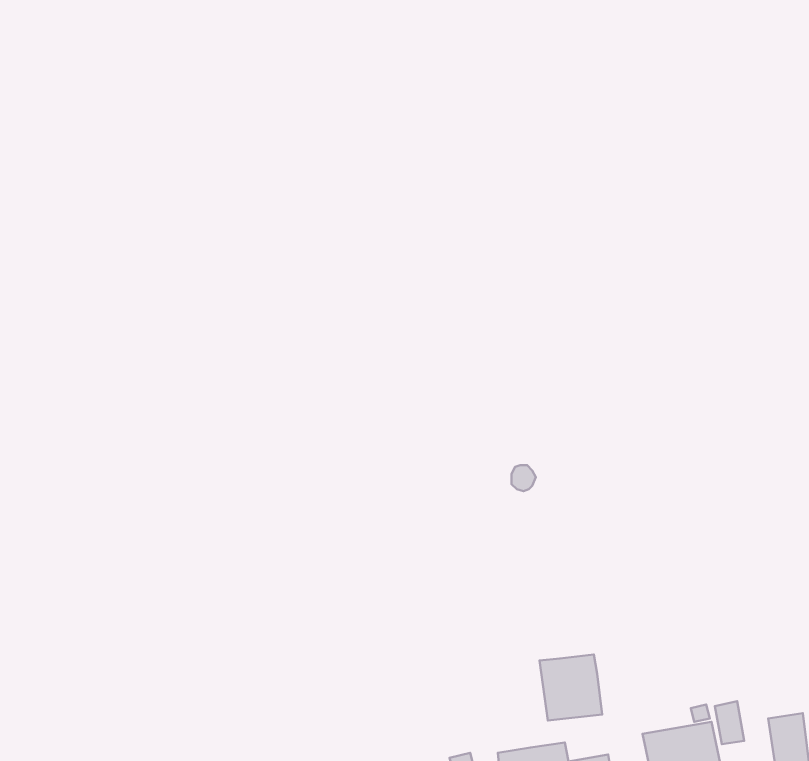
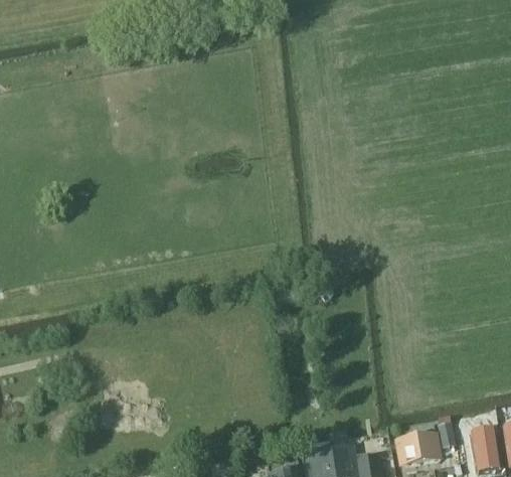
building: [539,654,602,720] -> none

